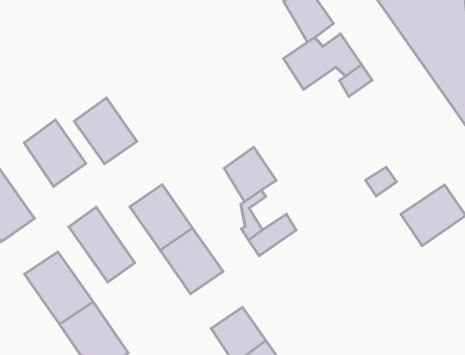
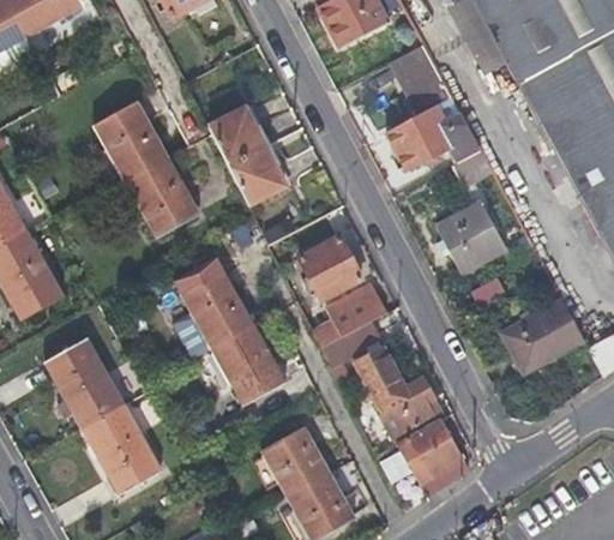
building: none -> [207,107,285,205]
building: none -> [437,200,501,268]
building: [24,120,86,187] -> [95,101,167,181]
building: none -> [325,284,385,336]
building: [69,207,135,282] -> none
building: none -> [356,343,432,434]
building: none -> [393,421,462,486]

